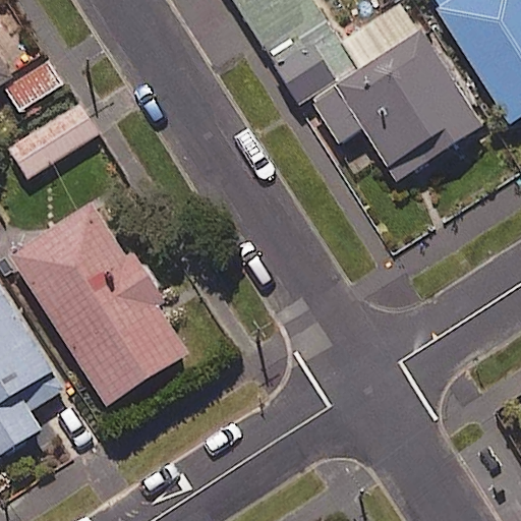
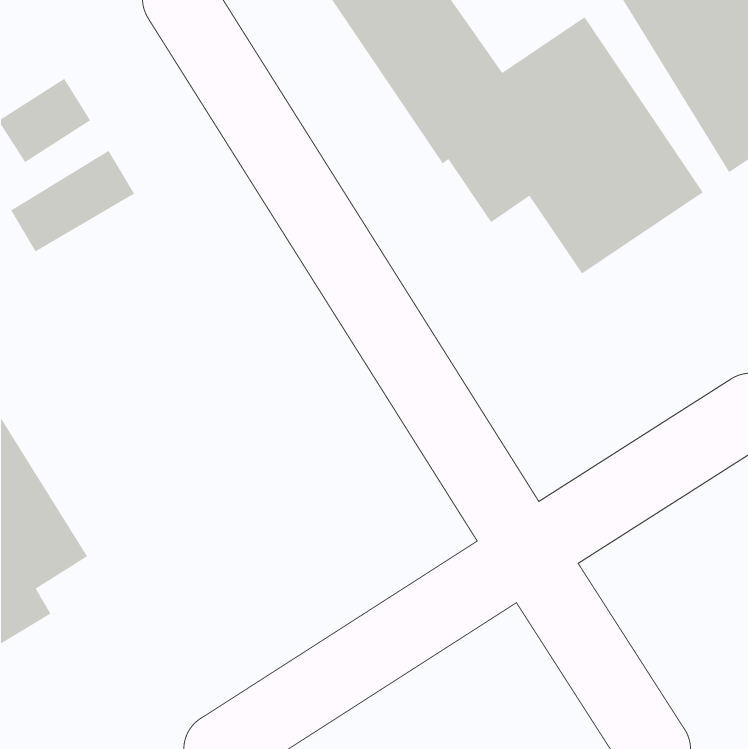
building: [7,202,182,402] -> none

